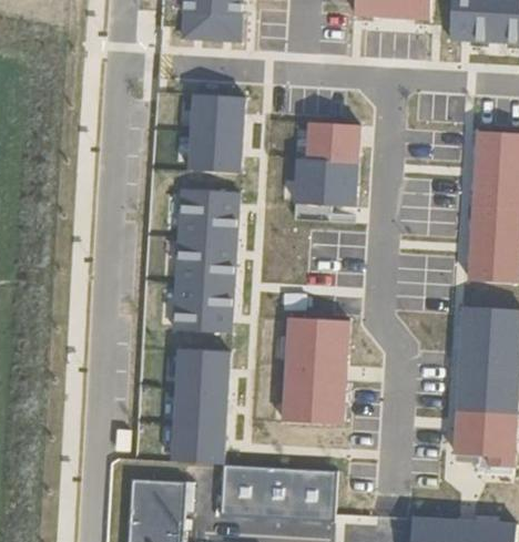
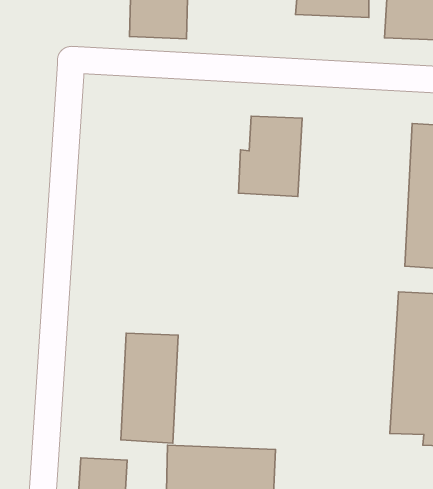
building: [189,94,244,172] -> none
building: [172,188,238,334] -> none
building: [279,316,350,426] -> none

